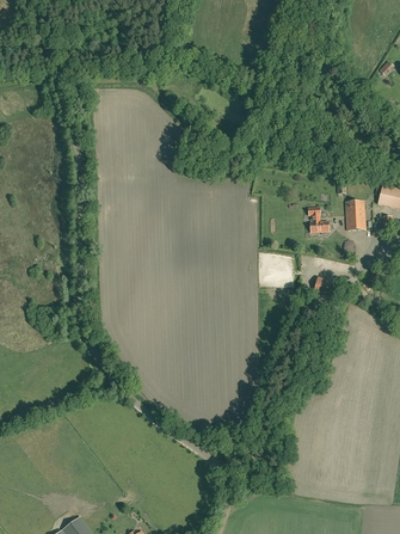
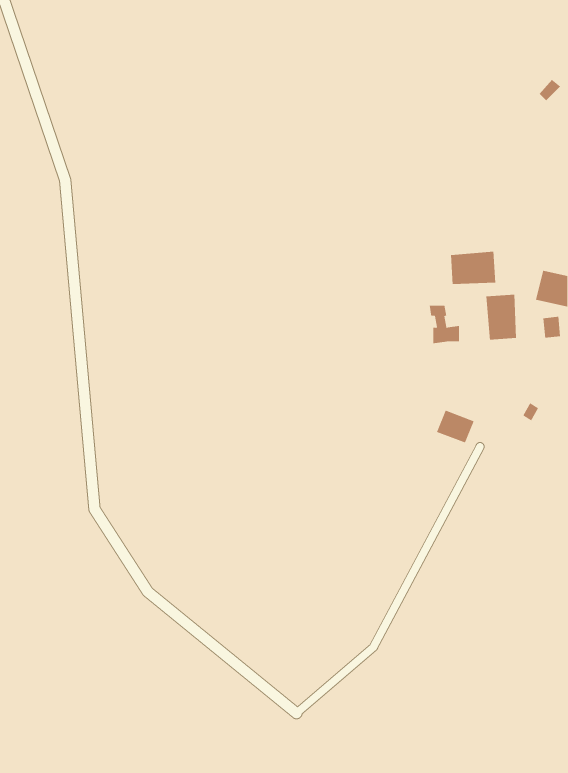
building: none -> [450,251,496,285]

